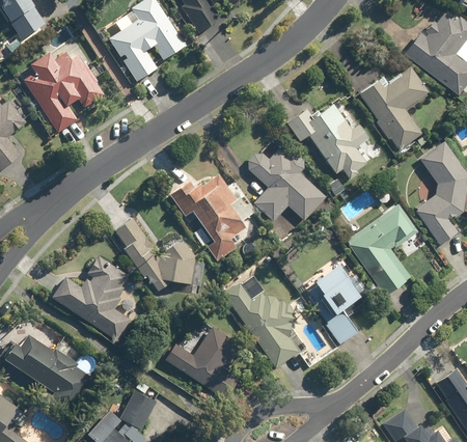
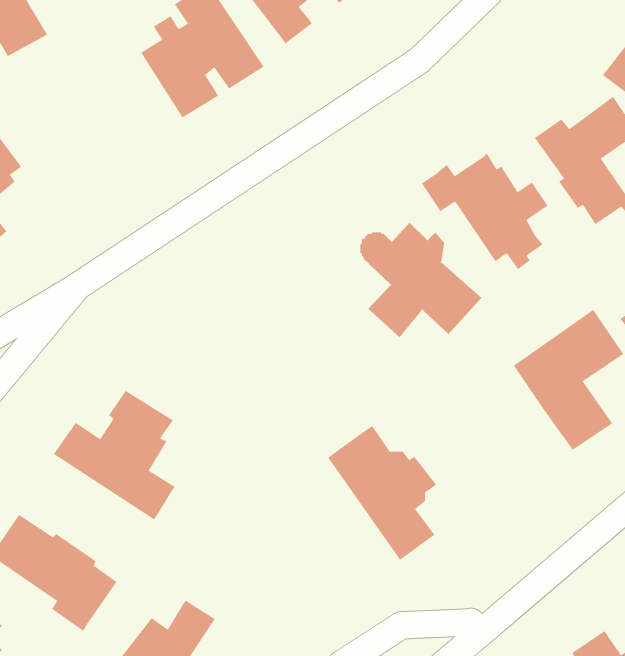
building: [25,50,105,133] -> none
building: [169,172,255,260] -> none
building: [114,218,199,293] -> none
building: [313,261,362,344] -> none
building: [167,329,238,395] -> none

